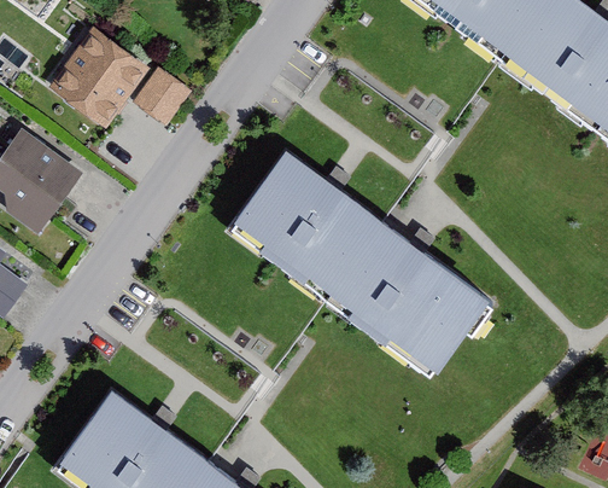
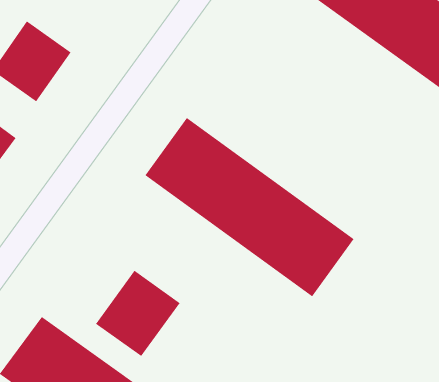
building: [133,74,188,130] -> none
building: none -> [95,270,181,357]

